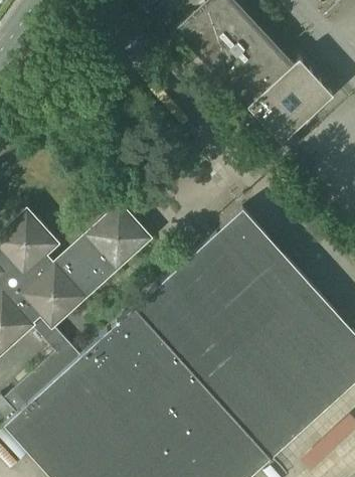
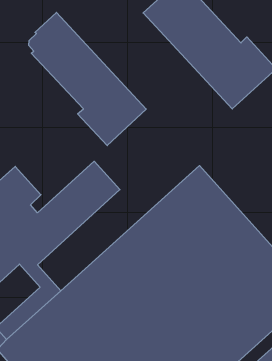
building: none -> [29,12,146,146]

